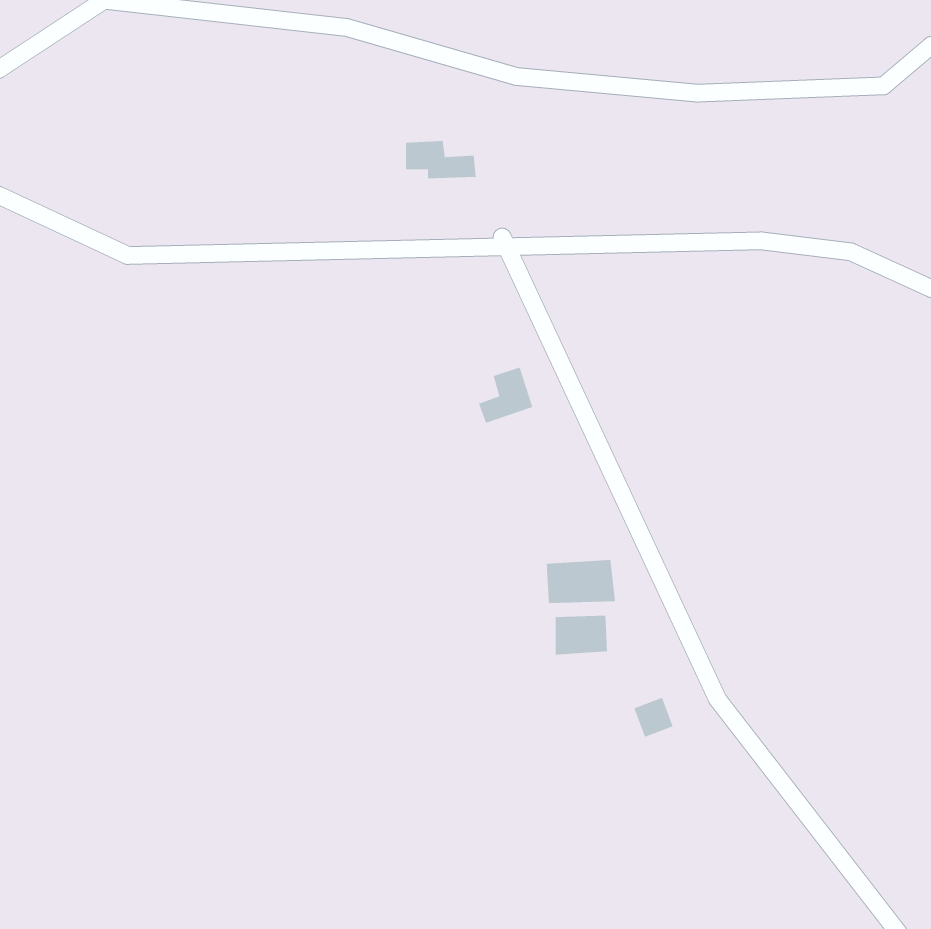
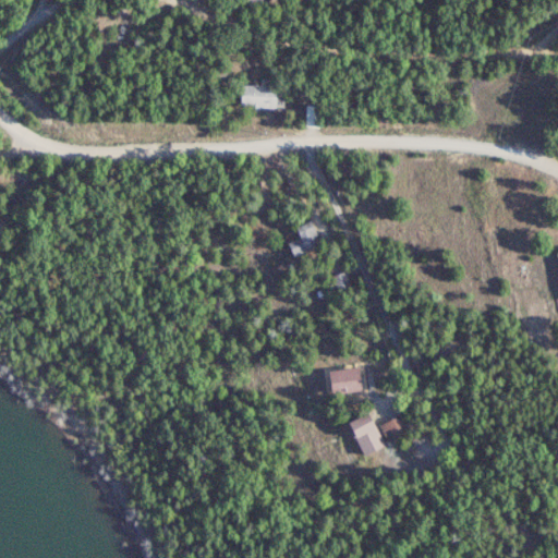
building: [546,559,615,604] -> none
building: none -> [350,414,383,457]

